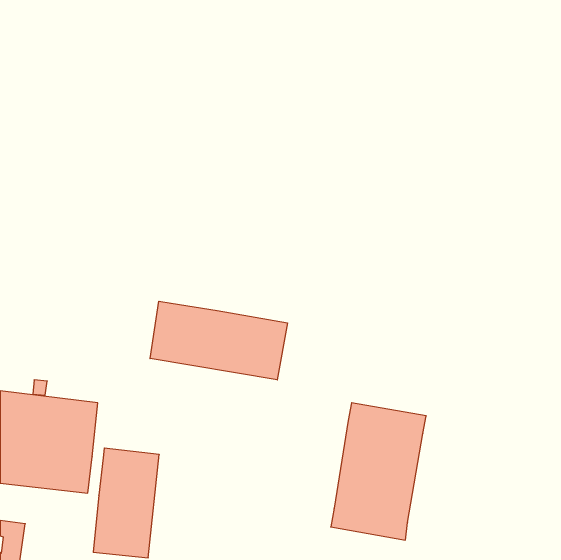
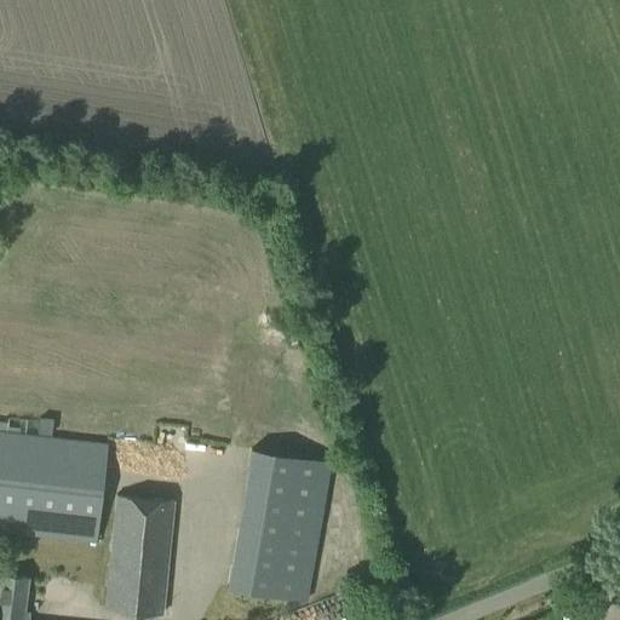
building: [150,301,287,380] -> none
building: [331,403,426,540] -> [226,450,332,602]

